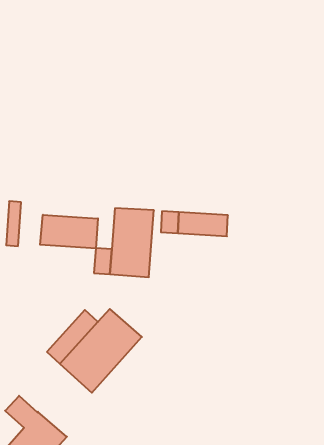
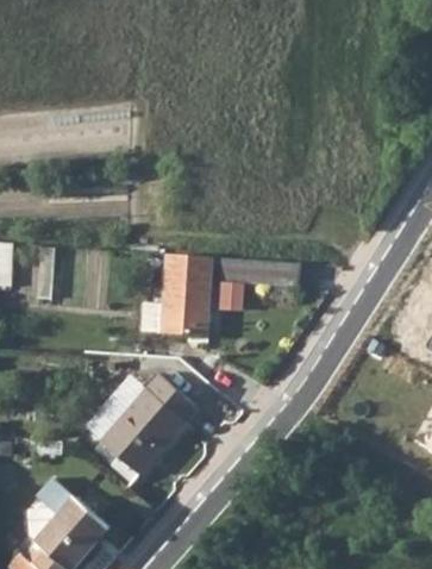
building: [40,215,98,248] -> none

